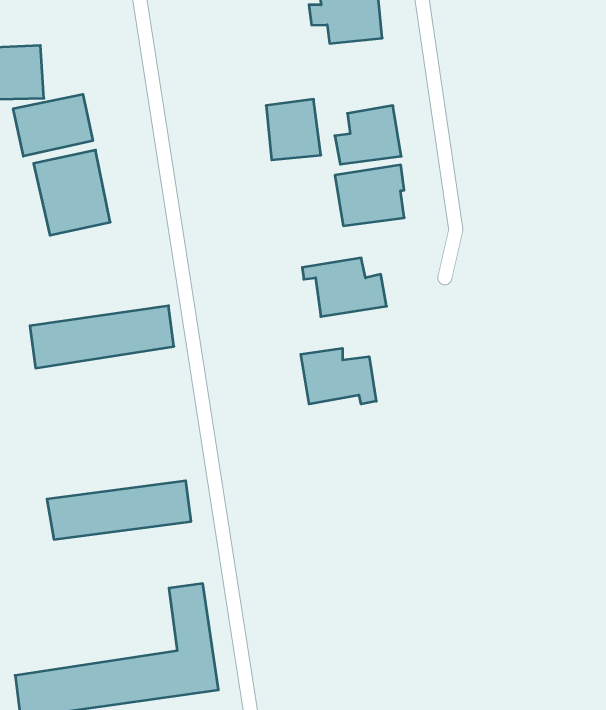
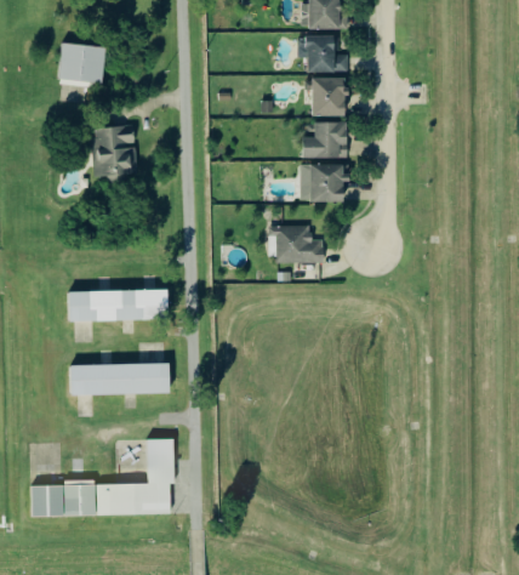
building: [13,94,93,156] -> none
building: [266,99,321,160] -> [312,76,347,116]
building: [30,306,174,368] -> [69,290,169,321]
building: [301,348,376,404] -> none

